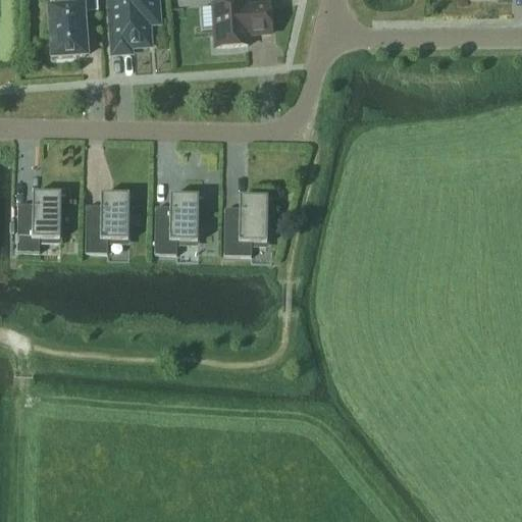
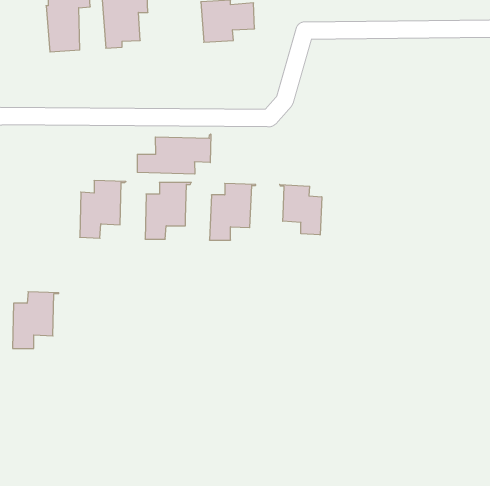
building: none -> [137,134,211,174]
building: [17,191,66,251] -> [13,292,59,348]
building: none -> [280,184,322,235]

